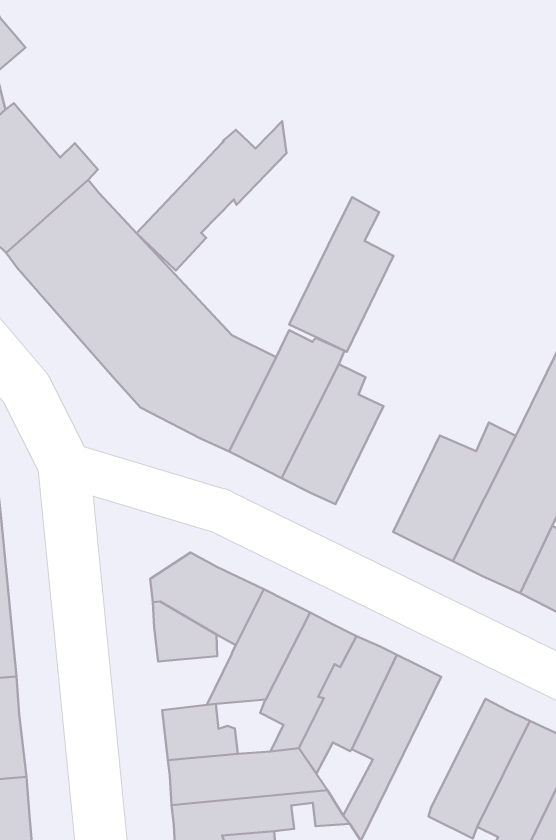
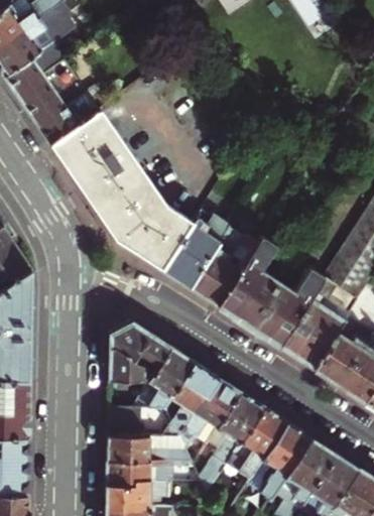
building: [136,121,286,271] -> none
building: [289,197,394,352] -> [216,238,278,324]
building: none -> [232,407,286,479]

